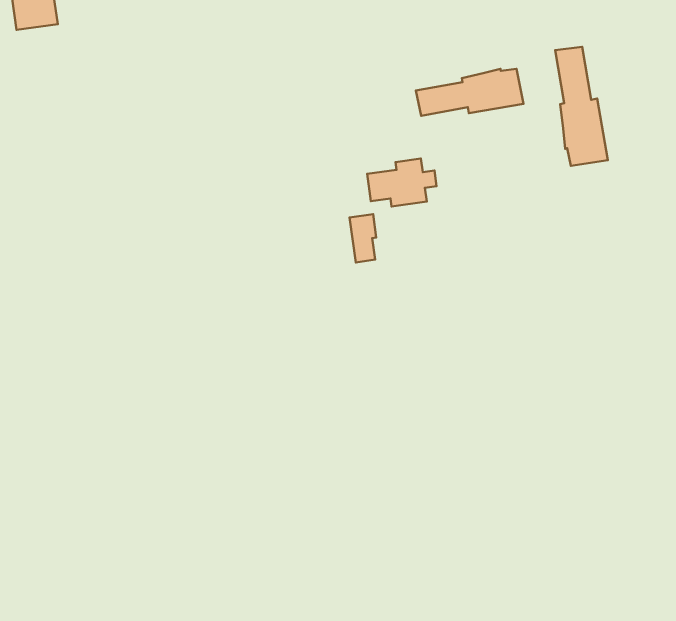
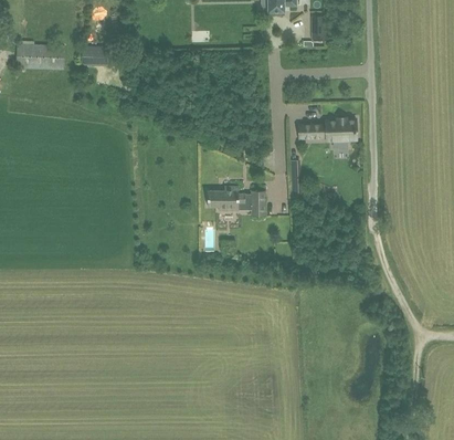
building: [555,47,608,166] -> none
building: [367,159,437,206] -> [208,186,245,210]

